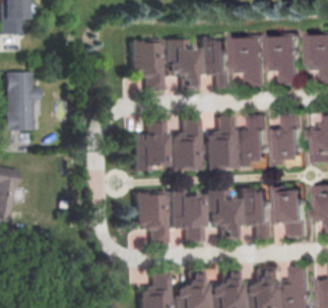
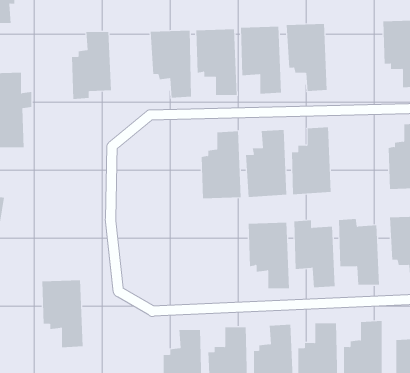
building: [266,33,299,85] -> none
building: [269,114,301,167] -> none
building: [130,119,161,172] -> [71,32,112,99]
building: [167,189,199,241] -> none
building: [131,191,163,244] -> [42,280,83,348]

